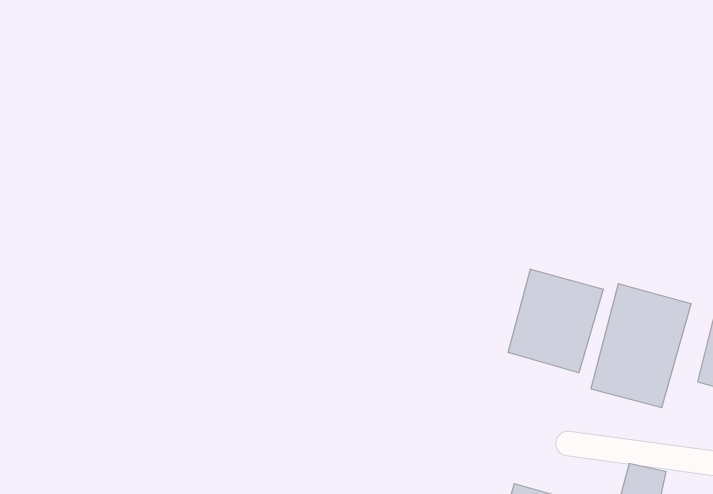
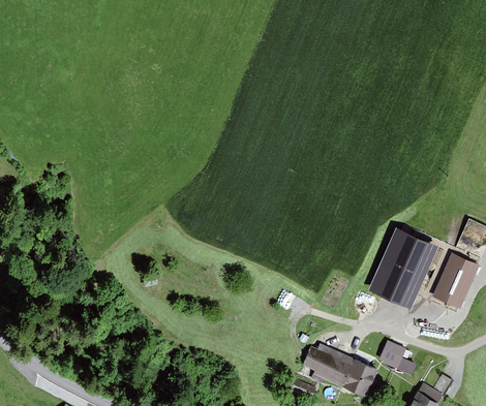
building: [508,269,603,373] -> none

